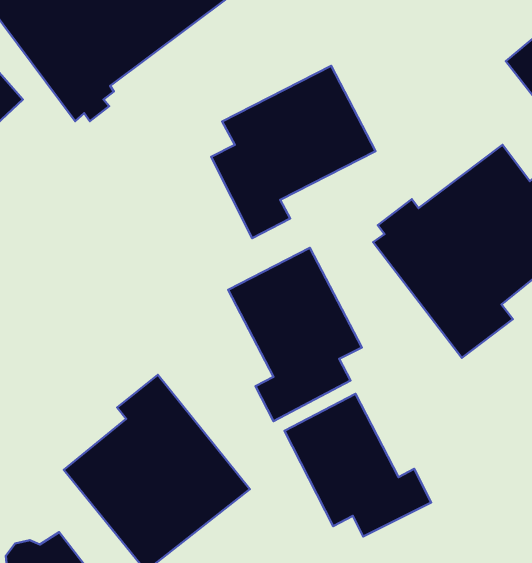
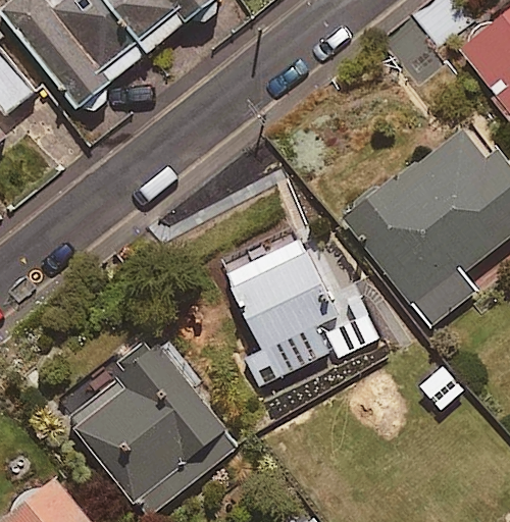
building: [211,66,376,238] -> none
building: [285,394,431,536] -> none

